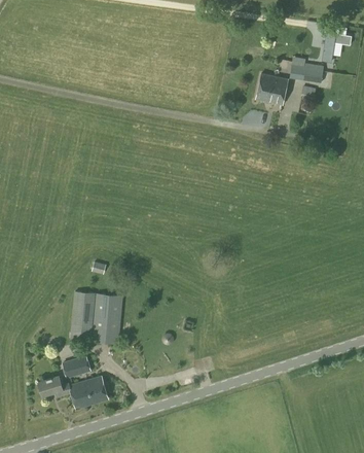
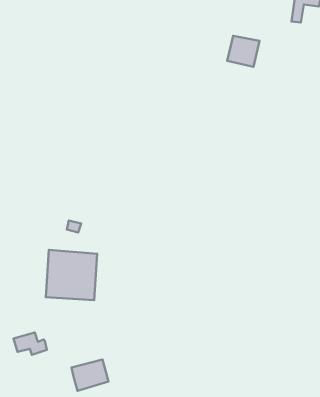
building: [289,61,323,82] -> none
building: [62,355,90,378] -> none
building: [69,376,107,408] -> [71,359,109,391]

